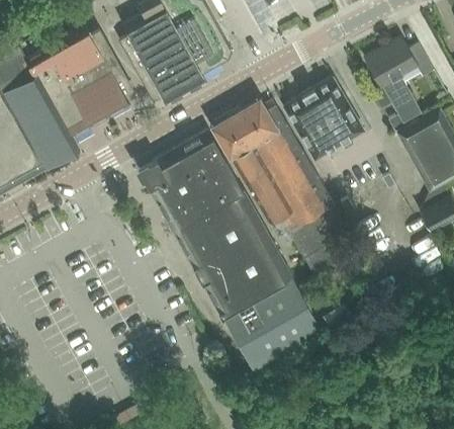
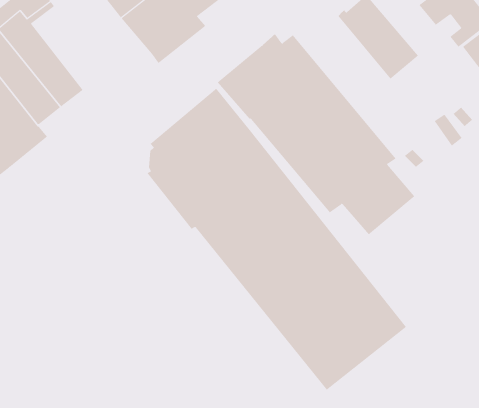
building: [79,49,128,114] -> none
building: [283,91,339,159] -> none

